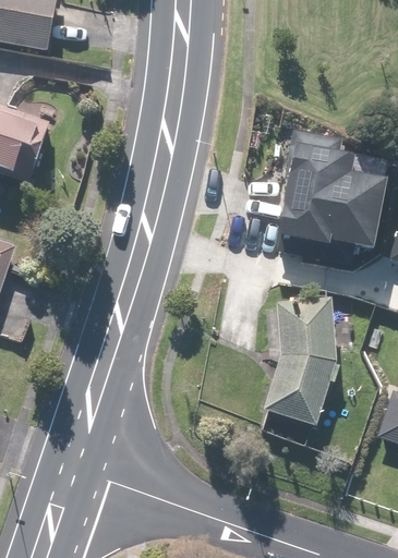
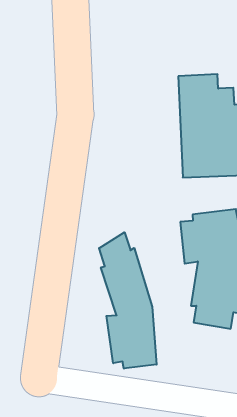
building: none -> [99,232,157,369]

